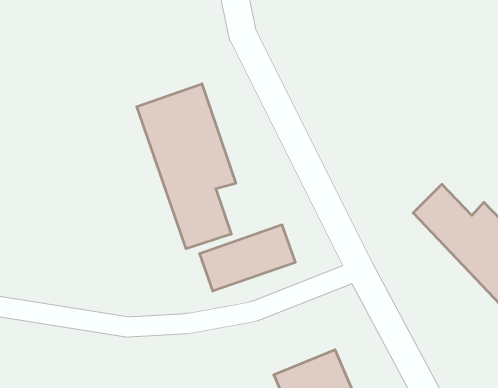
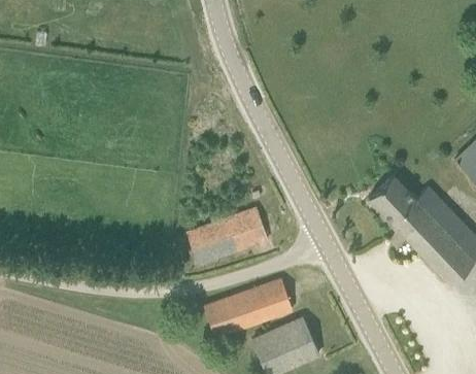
building: [137,84,236,249] -> none
building: none -> [204,280,293,339]

